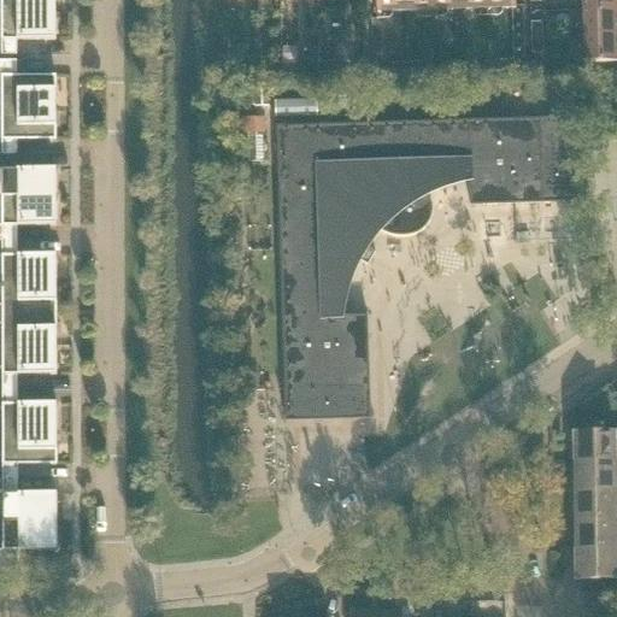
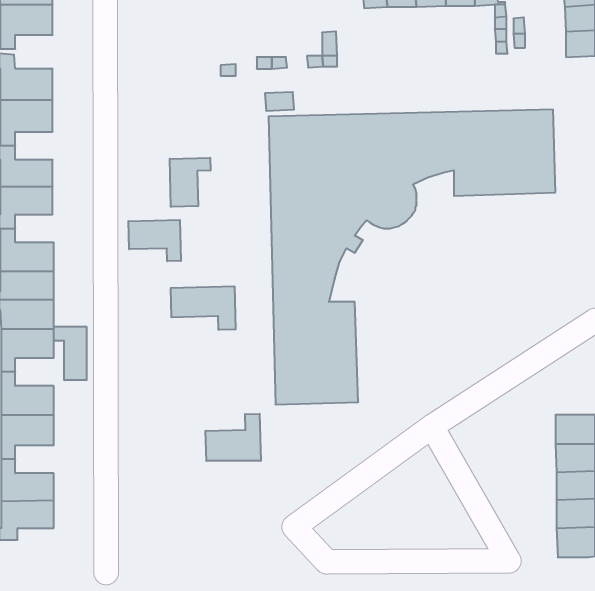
building: none -> [170,158,210,207]
building: none -> [128,220,181,261]
building: none -> [171,286,236,330]
building: none -> [54,327,86,380]
building: none -> [206,414,261,461]

